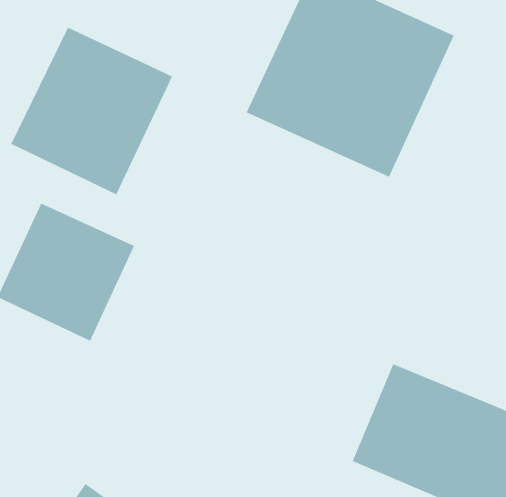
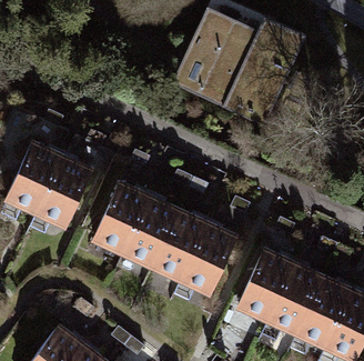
building: [10,27,173,195] -> none
building: none -> [93,184,237,295]

